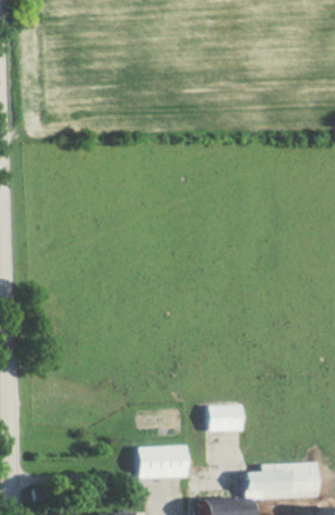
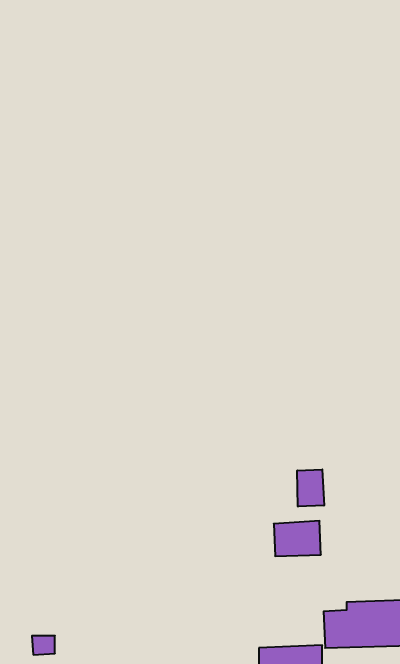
building: none -> [297,469,324,507]
building: [138,445,187,478] -> none

